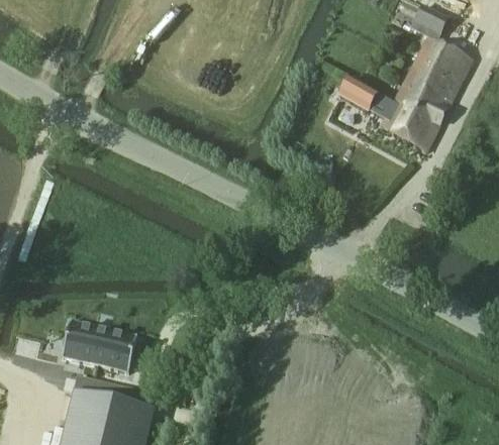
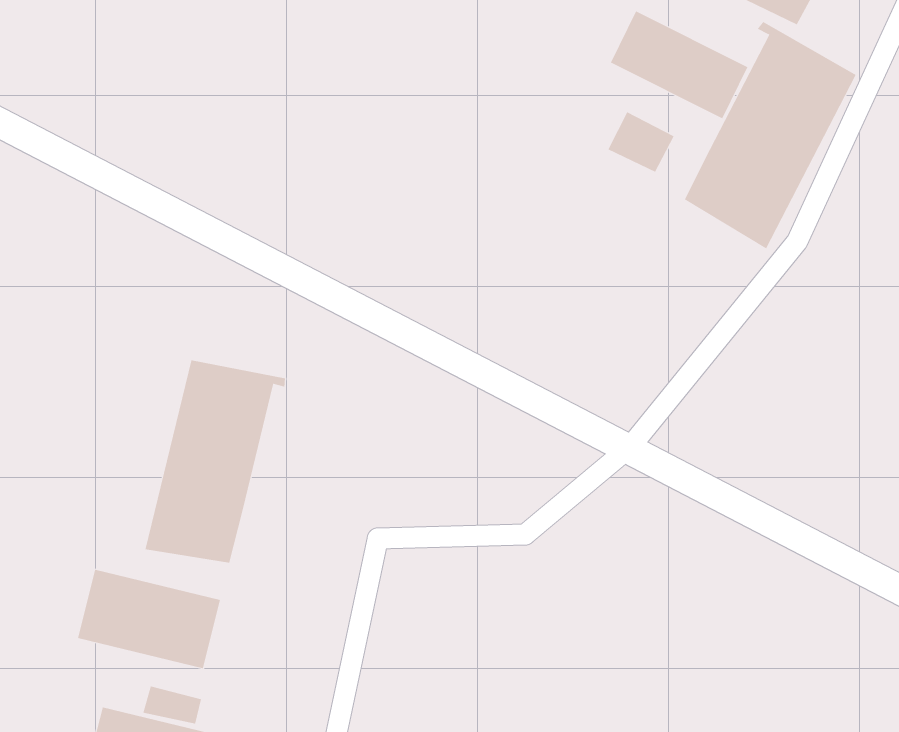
building: none -> [610,11,748,119]
building: none -> [145,360,286,564]

